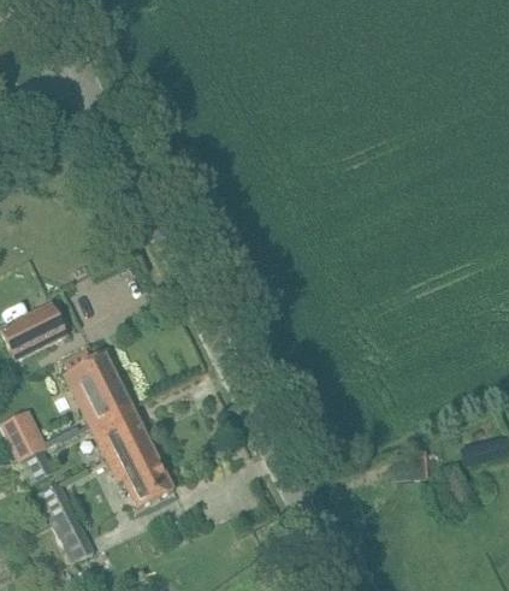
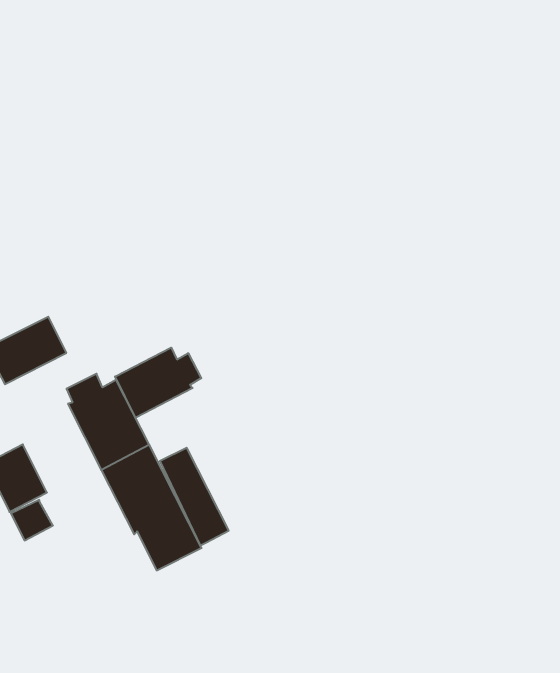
building: none -> [115,348,201,418]
building: [39,484,94,562] -> [160,448,229,545]

